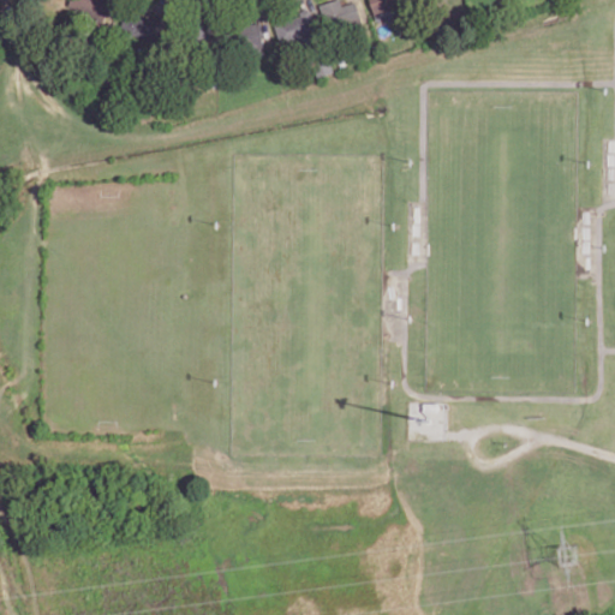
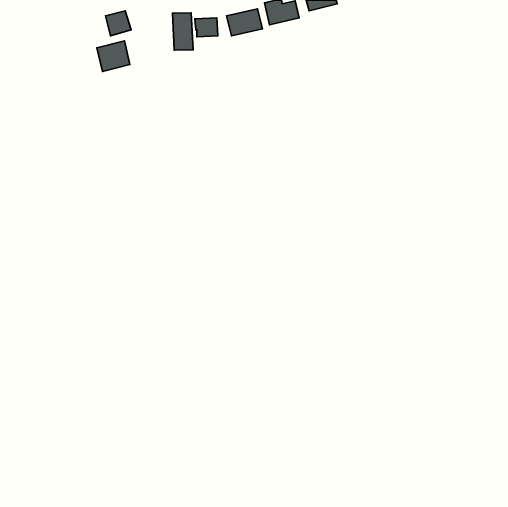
building: none -> [173,13,193,50]
building: none -> [97,41,130,71]

